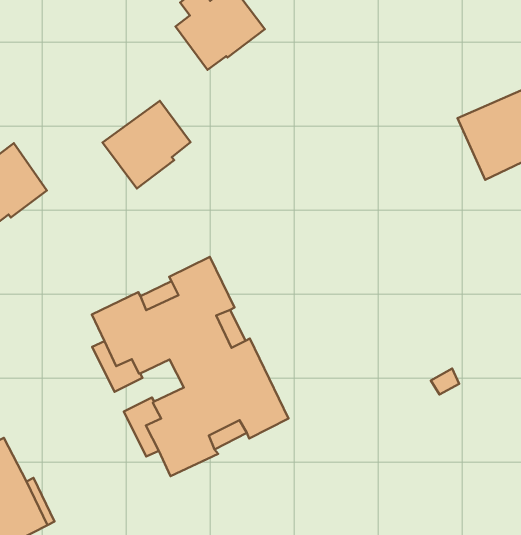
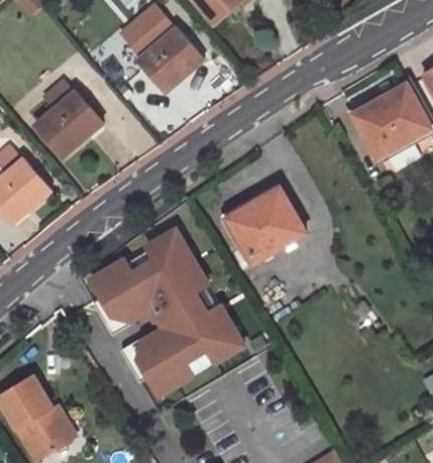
building: [102,101,191,188] -> [33,89,99,155]
building: none -> [226,189,303,262]

